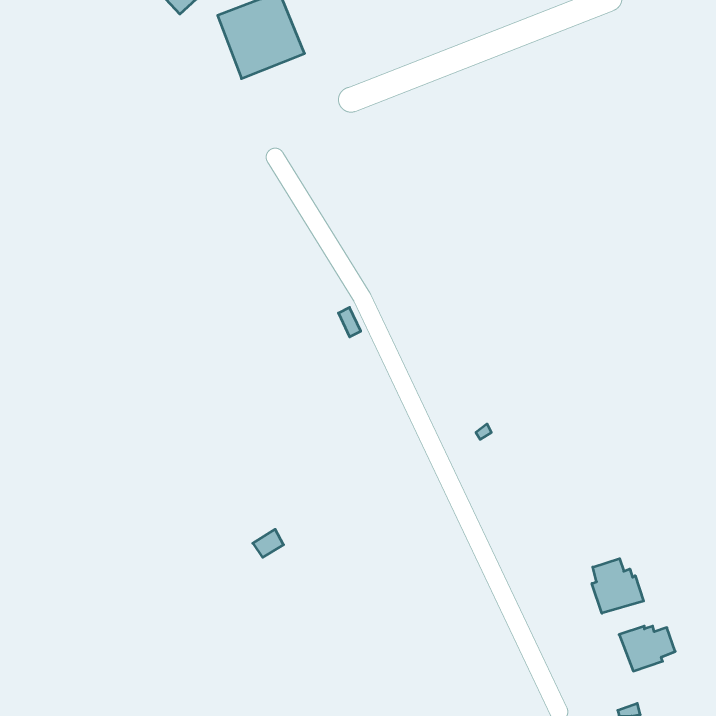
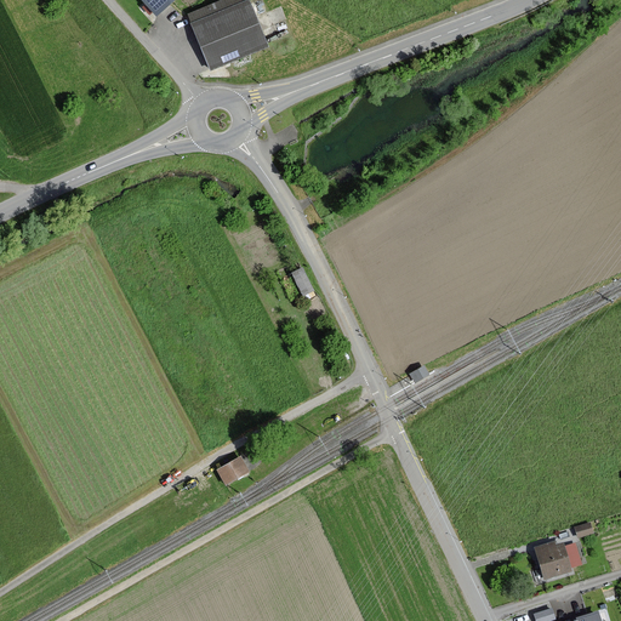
building: [592,559,644,613] -> none

